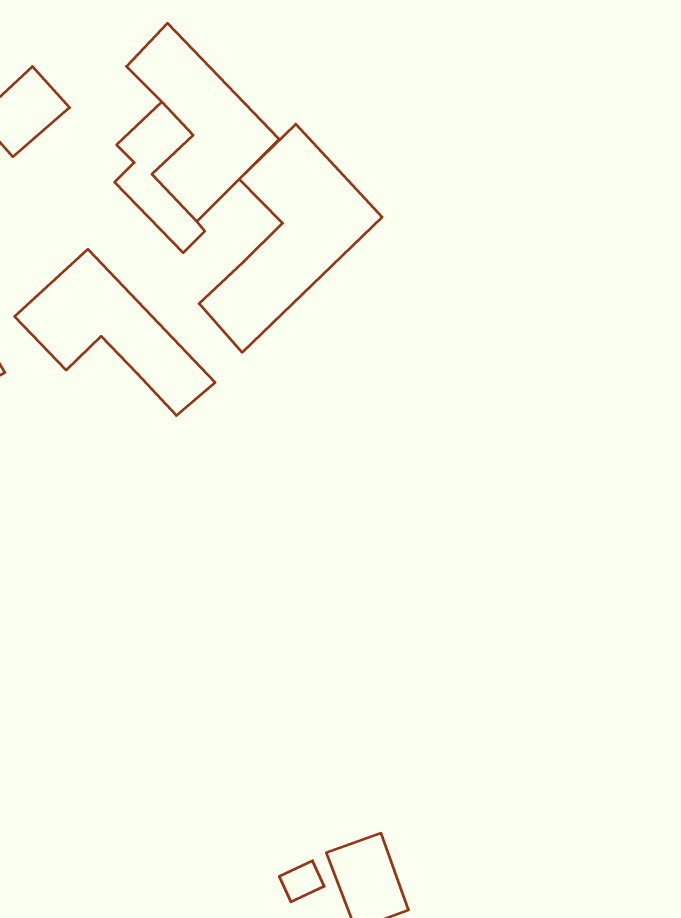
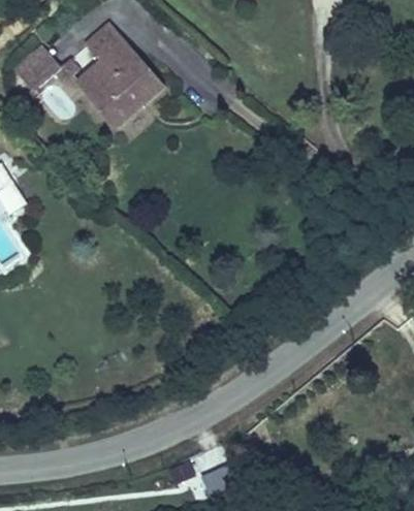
building: [199,124,382,352] -> none
building: [15,249,215,416] -> none

